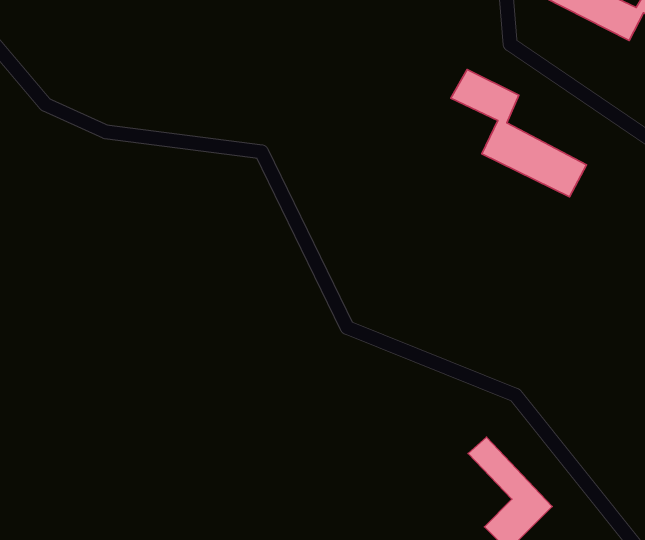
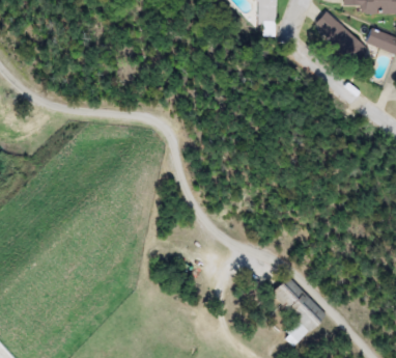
building: [451,69,586,197] -> none

